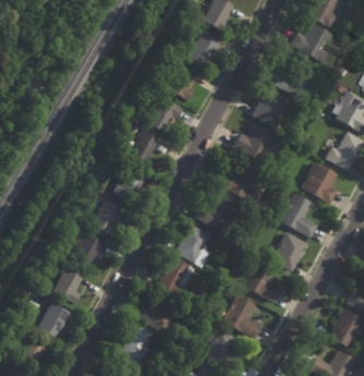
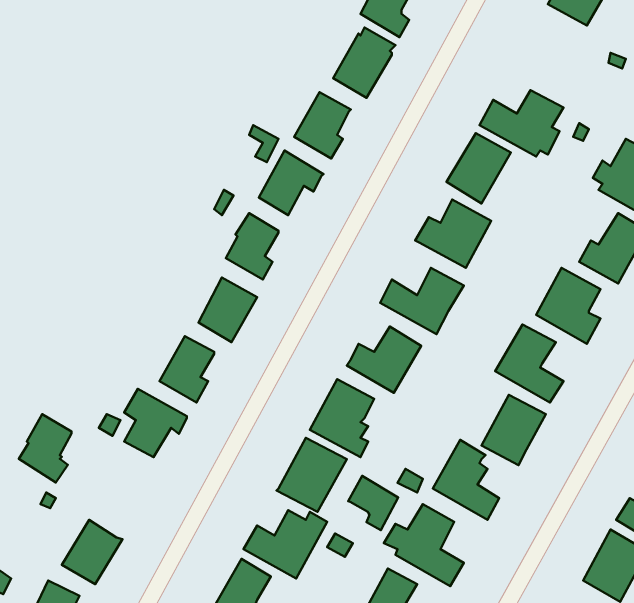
building: [291,23,332,63] -> none
building: [53,267,83,305] -> [19,414,72,482]
building: none -> [348,476,398,530]

